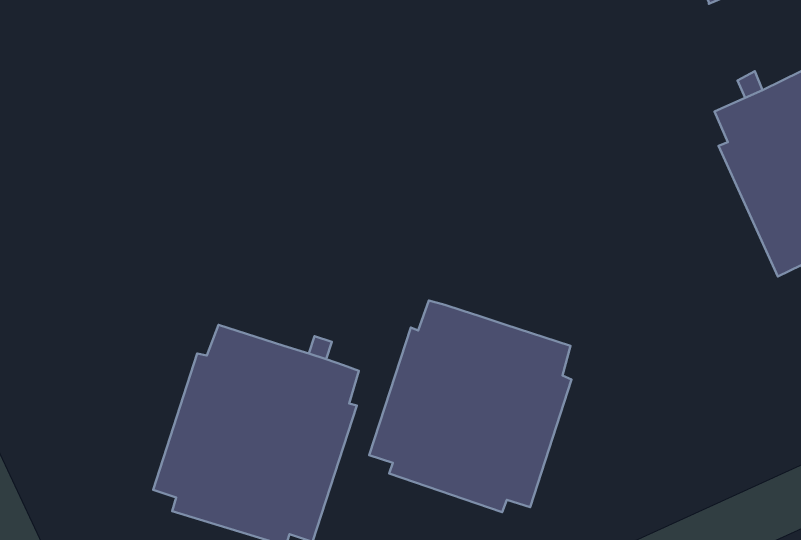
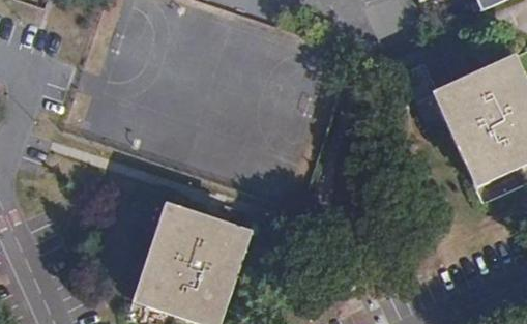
building: [369,301,572,512] -> none

